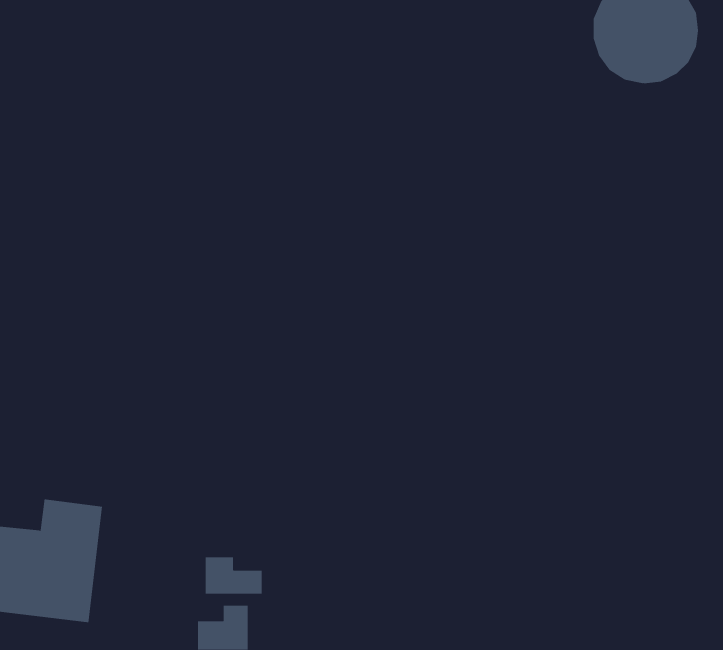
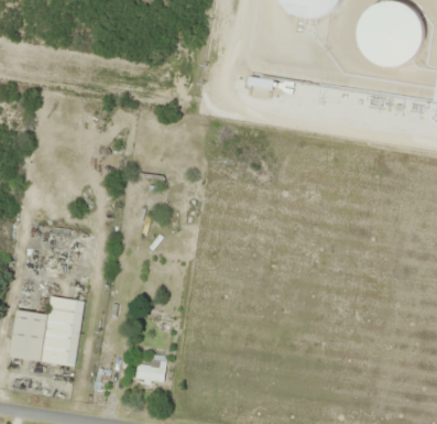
building: [205,557,262,595] -> none

